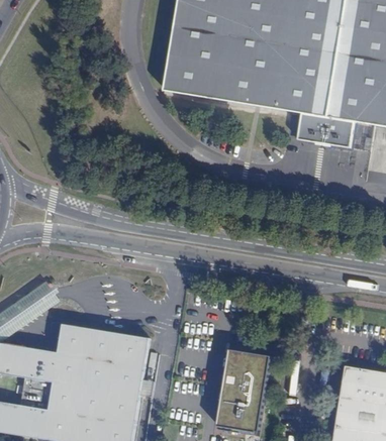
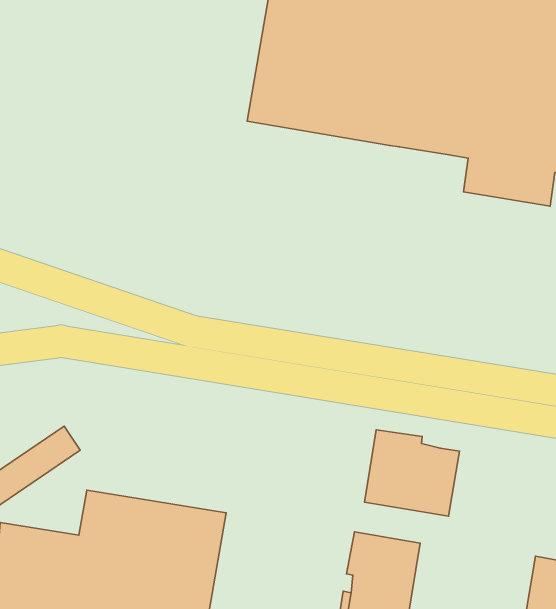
building: none -> [364,430,460,516]

